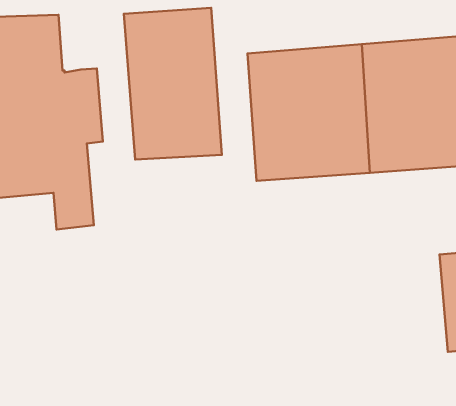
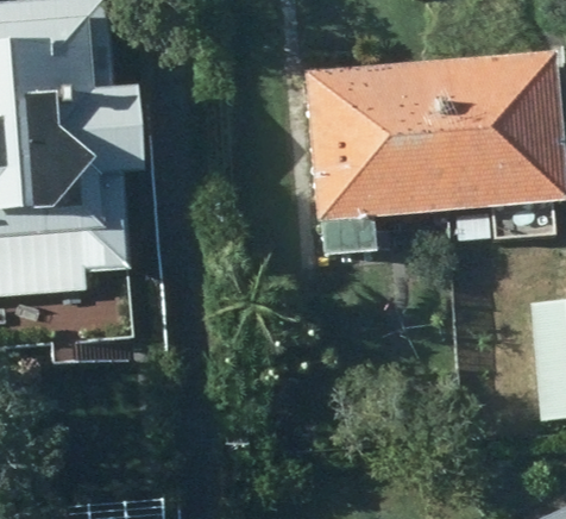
building: [124,8,222,160] -> none

